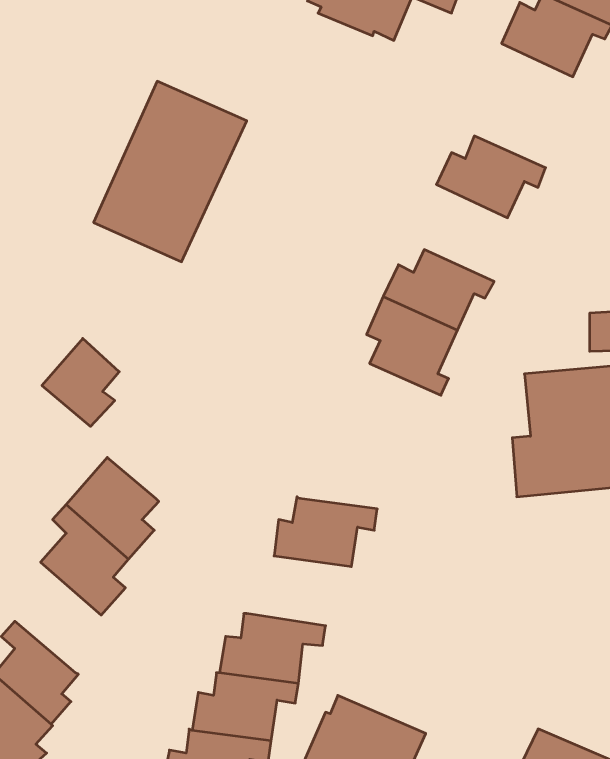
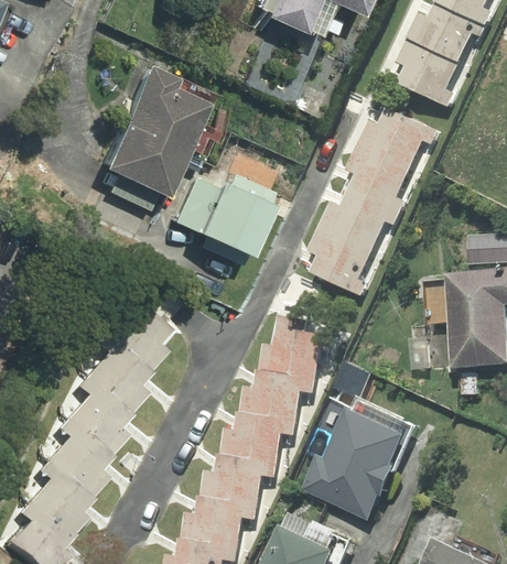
building: none -> [395,40,456,106]
building: none -> [345,142,409,213]
building: none -> [180,174,278,254]
building: [42,338,119,426] -> [118,306,174,370]
building: none -> [258,314,322,378]
building: none -> [301,400,414,518]
building: none -> [219,412,295,463]
building: none -> [51,416,116,497]

